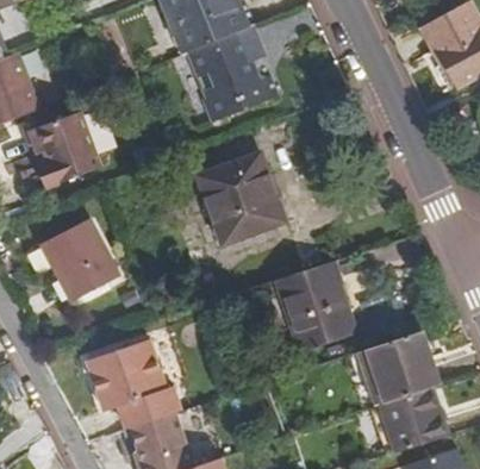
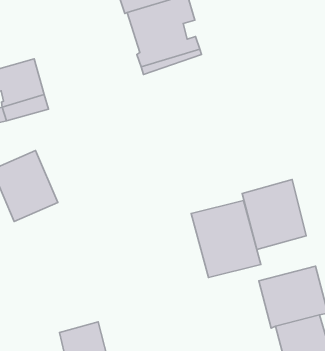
building: [198,152,286,243] -> none
building: none -> [242,179,306,249]
building: [83,339,179,427] -> none

